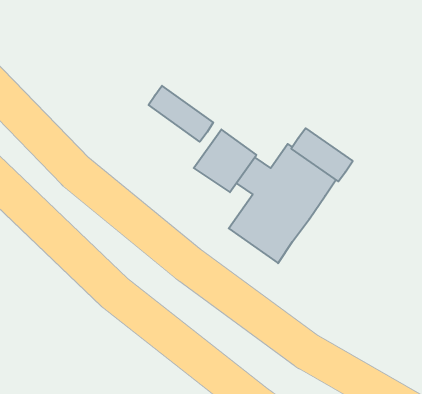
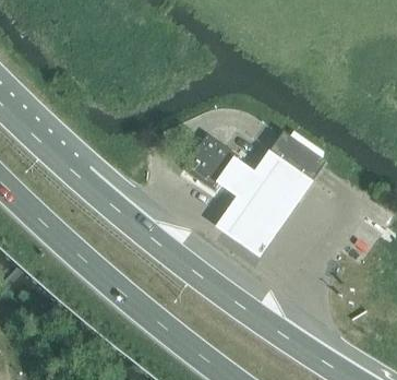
building: [149,86,213,142] -> none

